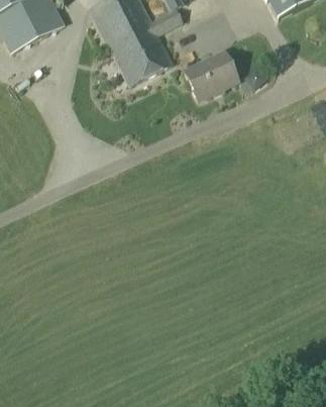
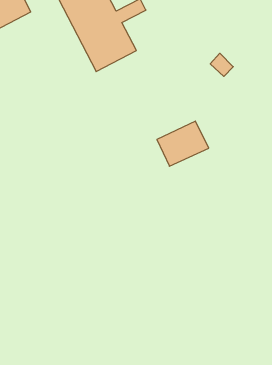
building: [185,53,239,100] -> [157,121,209,166]

